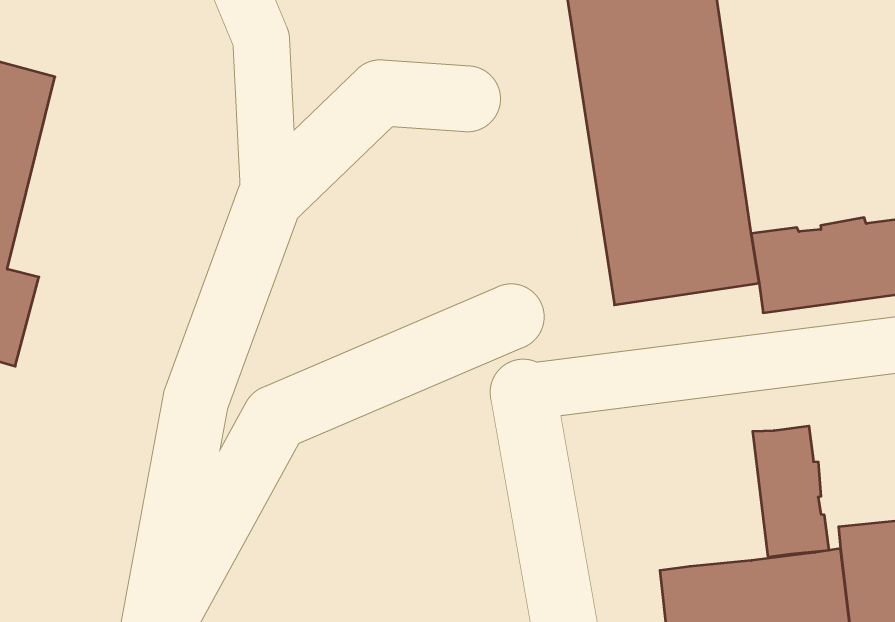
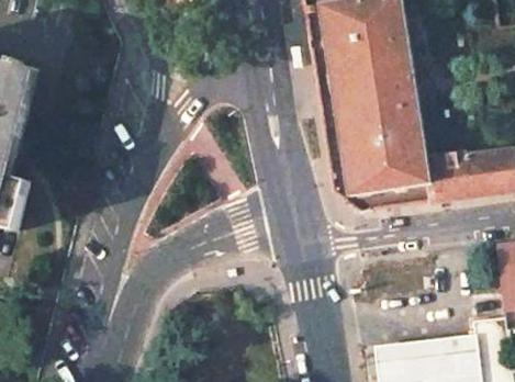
building: [753,426,829,557] -> none

